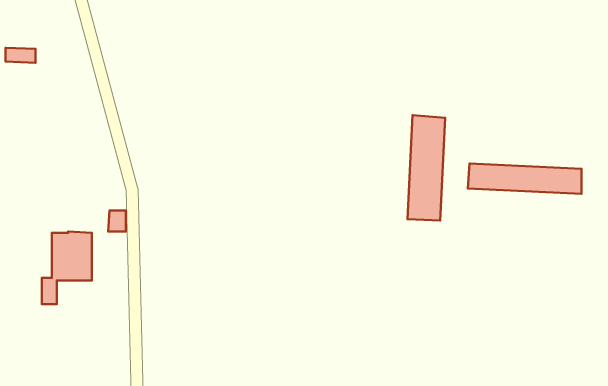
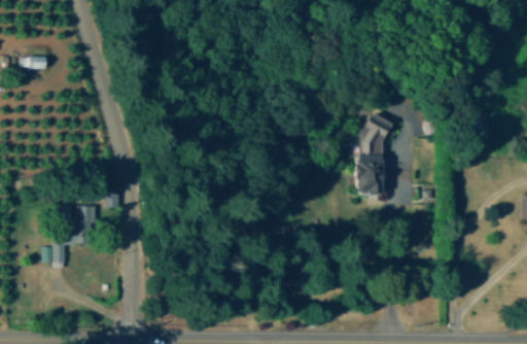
building: [468,164,582,194] -> none

